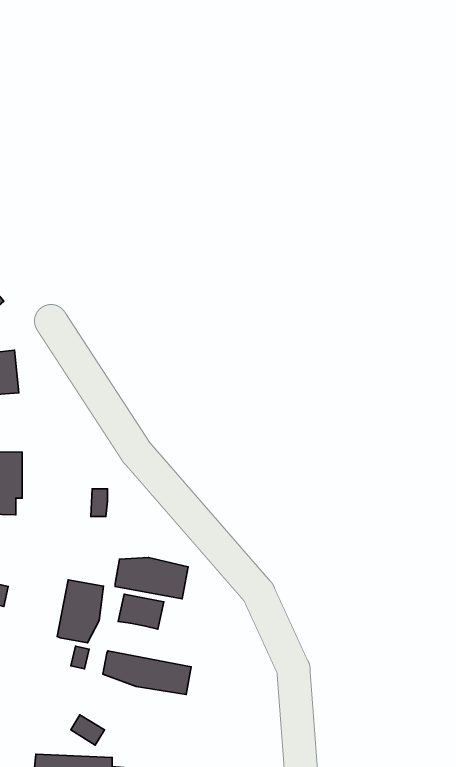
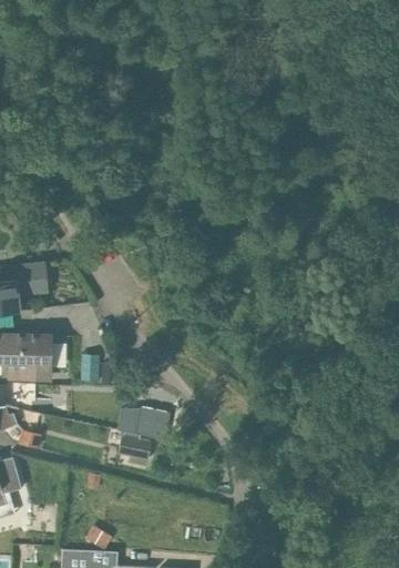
building: [57,580,104,643] -> none
building: [103,651,191,694] -> none

